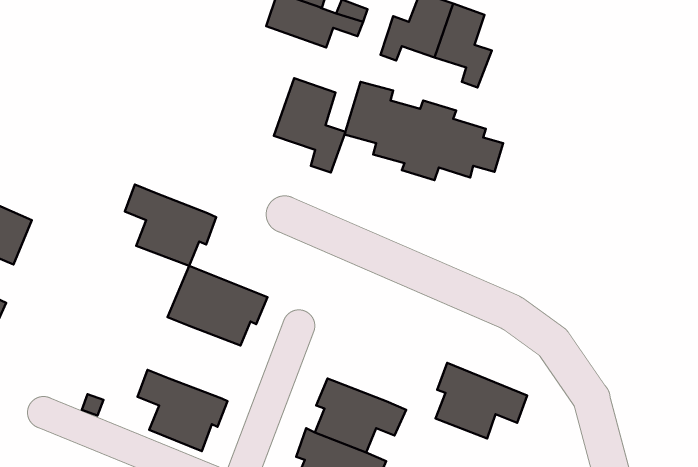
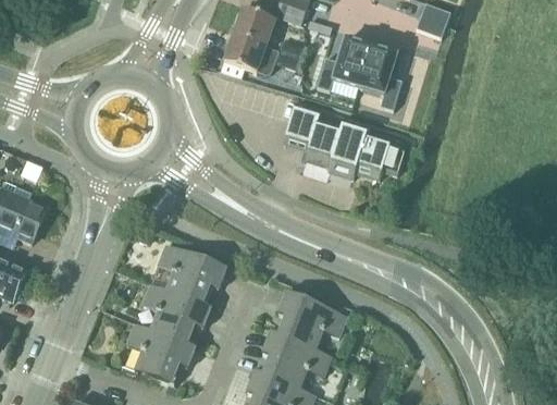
building: [274,78,346,172] -> none
building: [125,185,216,266] -> [141,283,211,345]
building: [436,363,527,438] -> [276,290,346,347]

